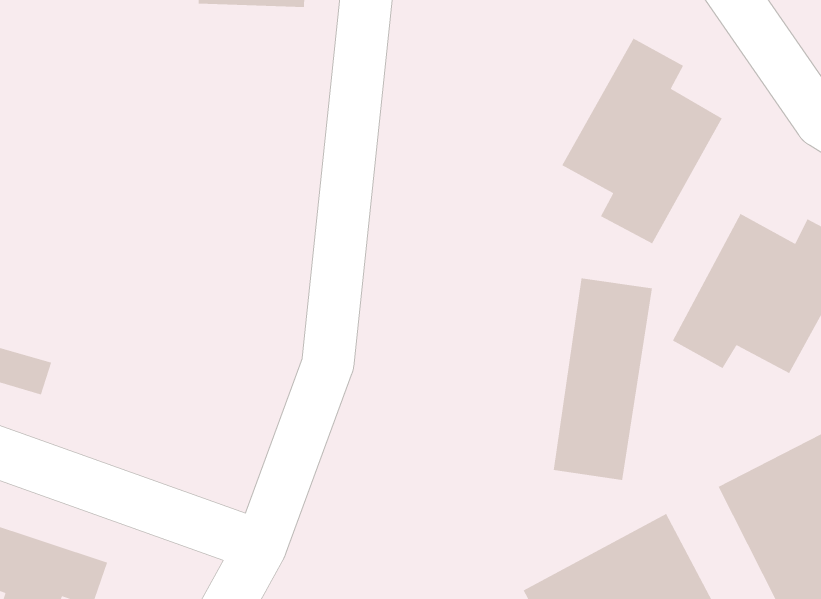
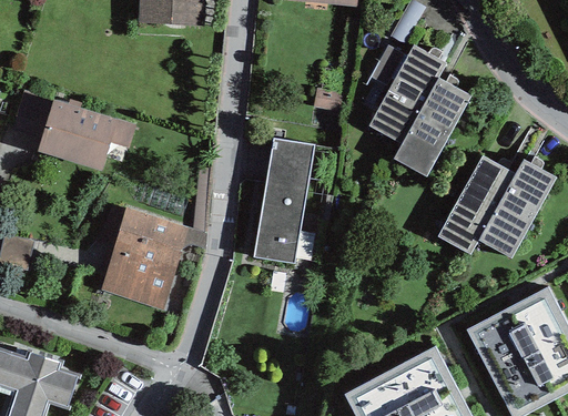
building: none -> [18,95,125,173]
building: [553,277,653,481] -> [253,141,316,270]
building: none -> [104,209,191,308]

